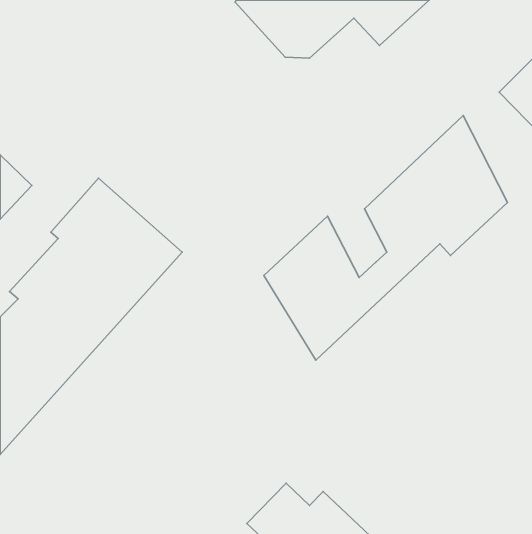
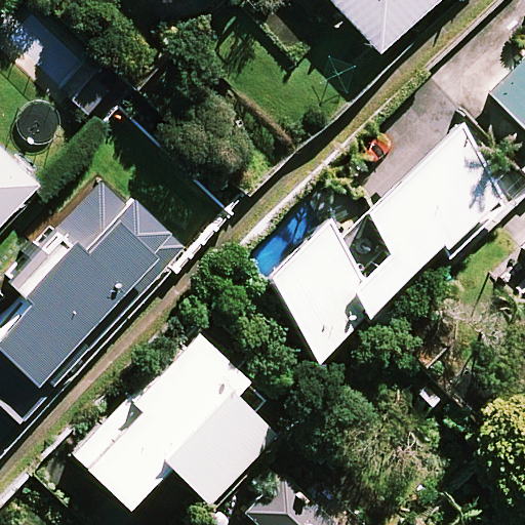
building: none -> [77,331,277,503]

